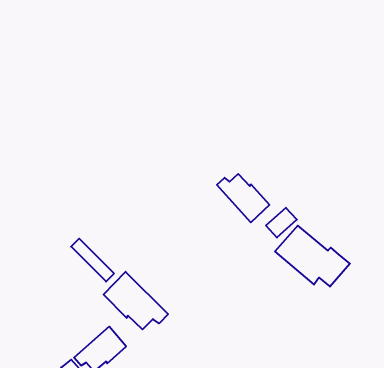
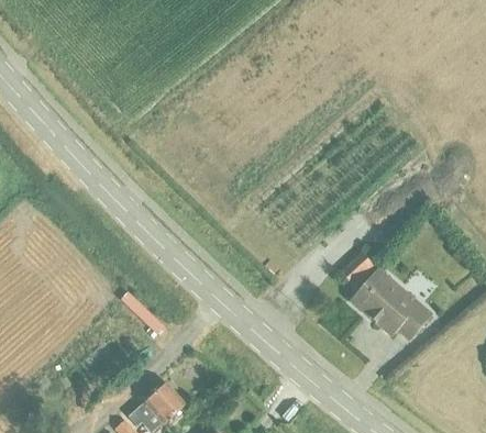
building: [217,174,269,222] -> none
building: [104,272,168,329] -> none

